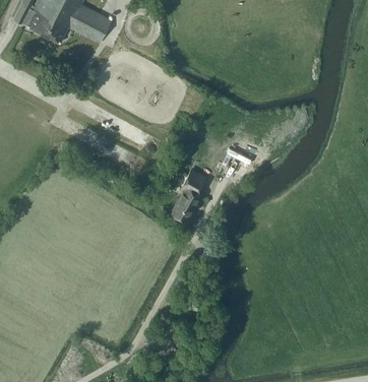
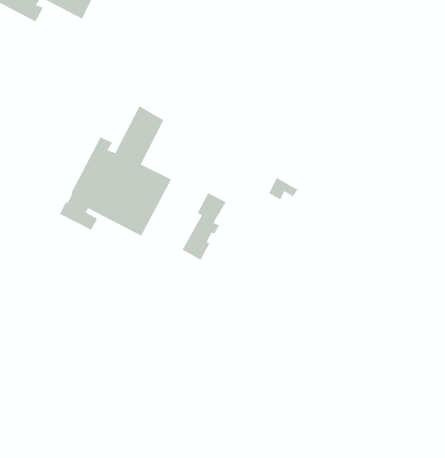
building: none -> [59,105,172,237]

